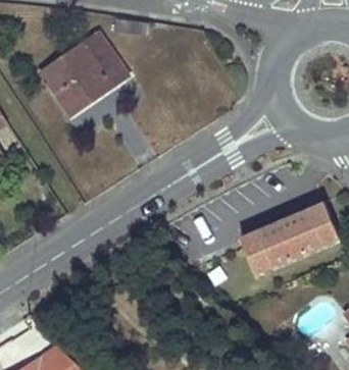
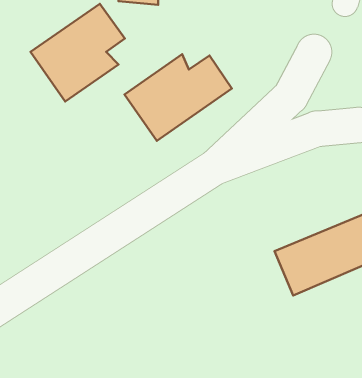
building: none -> [125,54,232,141]

